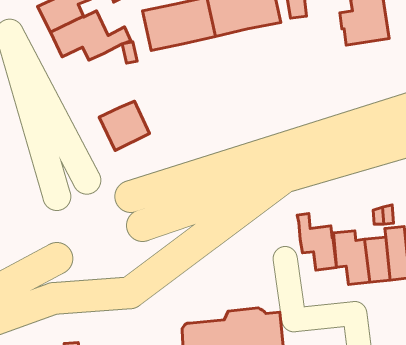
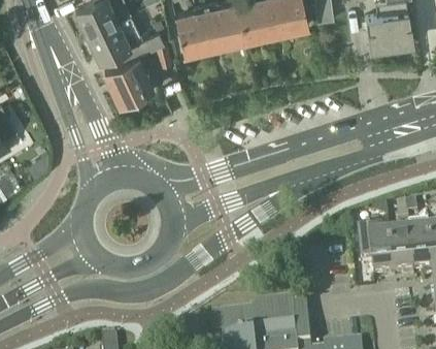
building: [99,101,149,151] -> [105,57,154,104]
building: [297,213,337,270] -> none

